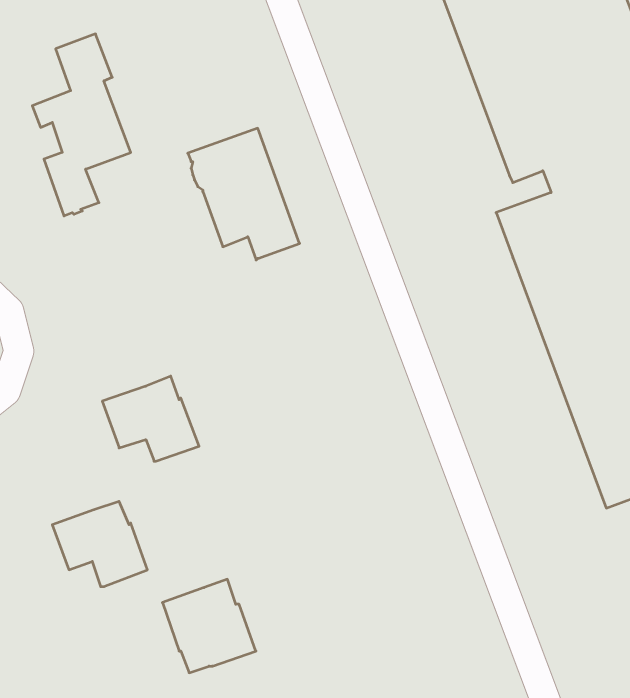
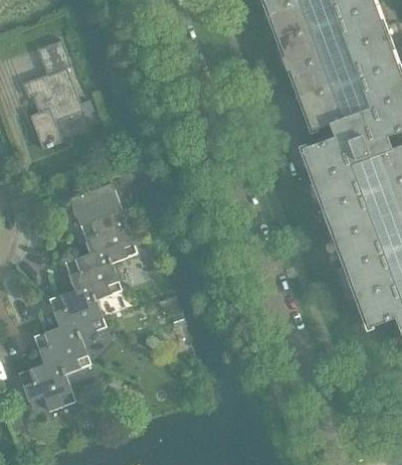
building: [188,128,300,260] -> [69,182,137,262]
building: none -> [49,286,107,337]
building: [162,579,256,673] -> [19,359,75,416]

